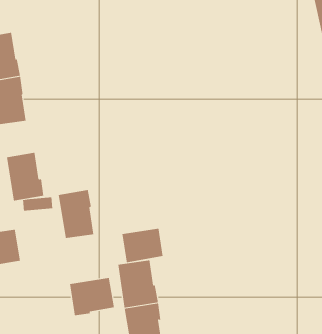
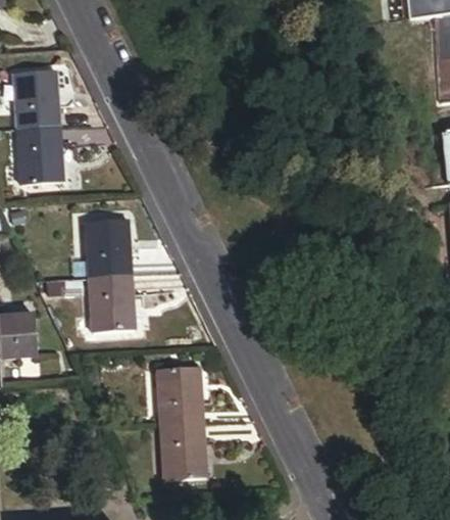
building: [6,152,44,201] -> [87,218,130,276]
building: [122,228,163,263] -> none
building: [69,277,115,316] -> none

